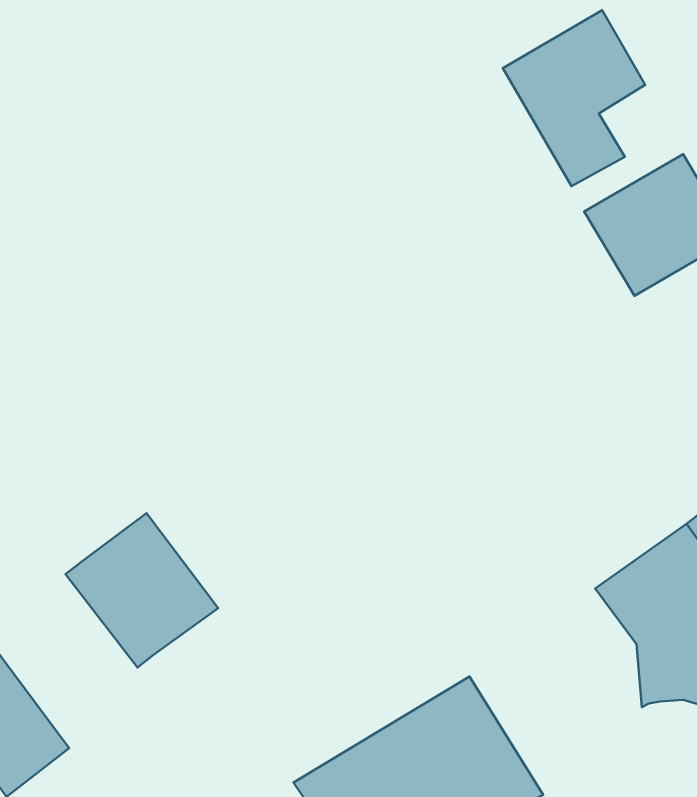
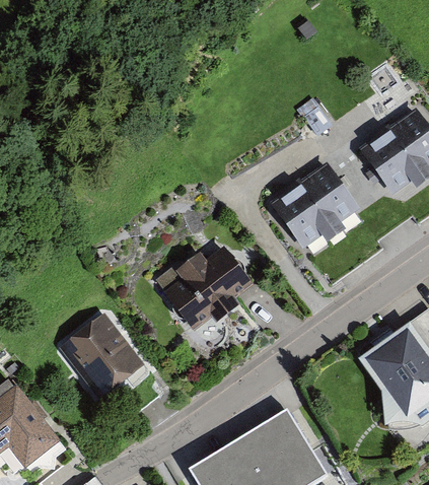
building: [503,10,645,186] -> none
building: none -> [262,161,354,248]
building: none -> [158,250,245,330]

